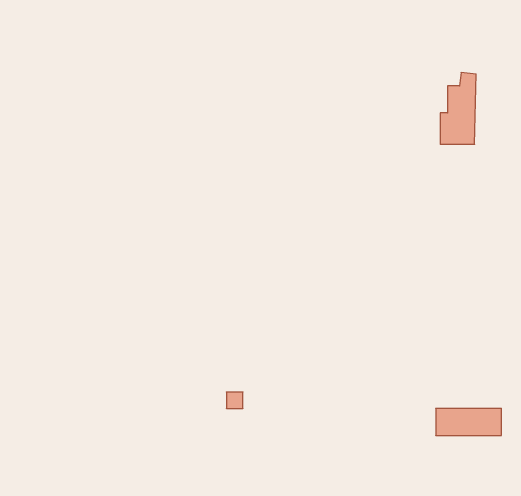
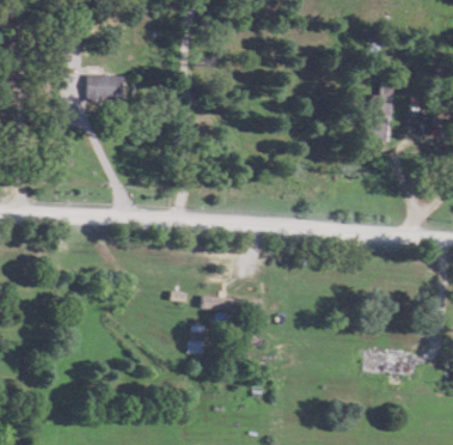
building: none -> [82,75,122,99]

